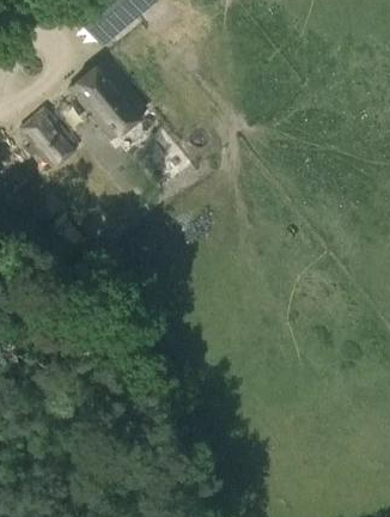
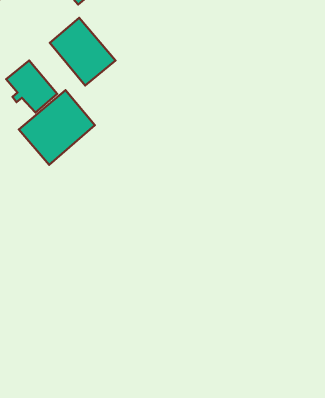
building: none -> [19,90,95,165]

